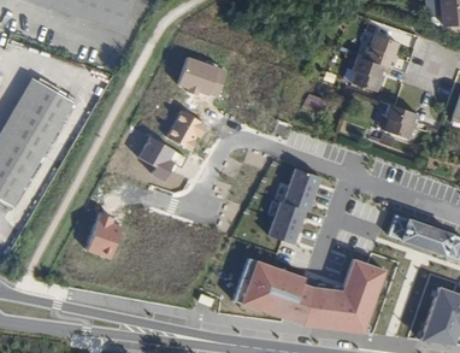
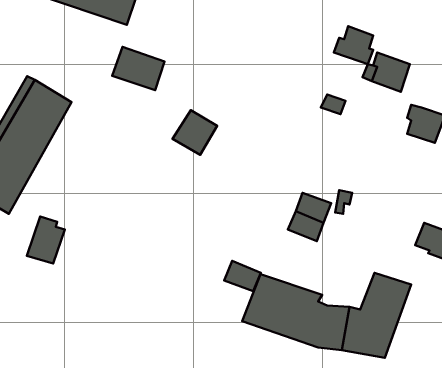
building: [359,34,395,69] -> [334,26,373,64]
building: [178,55,226,95] -> [112,47,164,90]
building: [138,134,177,178] -> none
building: [284,166,318,194] -> none
building: [85,212,120,255] -> [27,216,65,264]
building: [264,218,297,246] -> [224,261,261,291]

